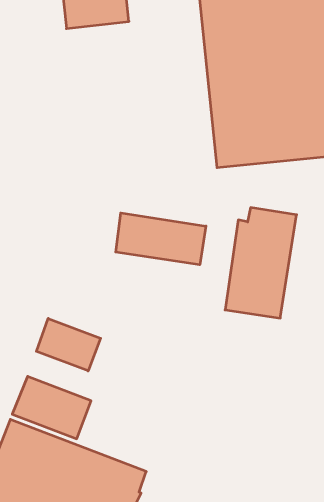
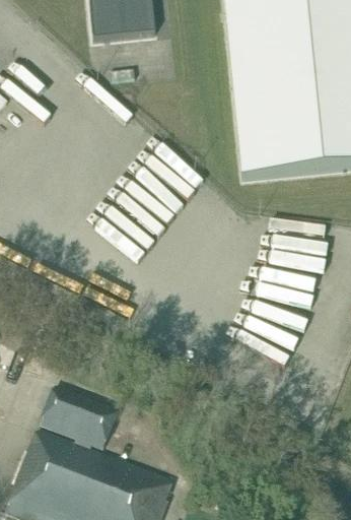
building: [116,213,206,265] -> none
building: [36,318,101,371] -> none

